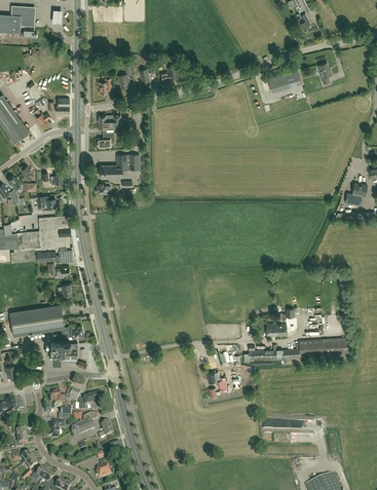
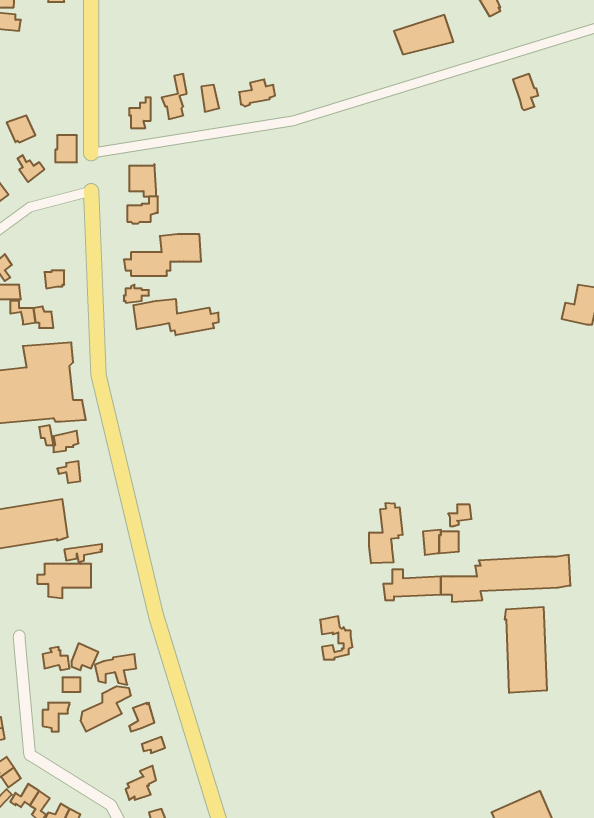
building: [268,69,302,91] -> [394,15,453,54]
building: none -> [133,299,219,335]
building: none -> [369,503,403,563]
building: none -> [505,607,547,693]

